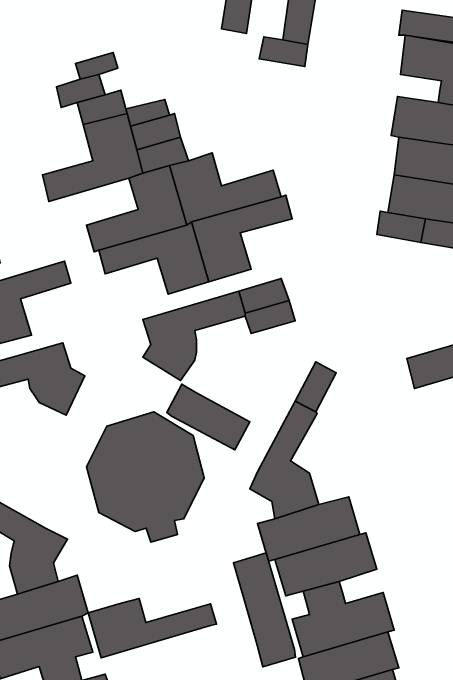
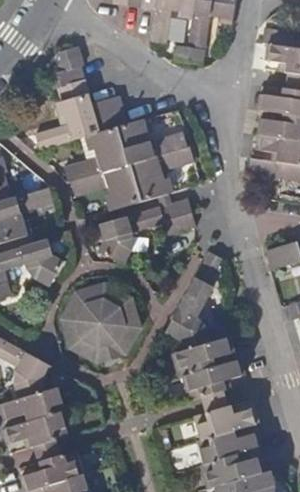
building: [167,384,250,450] -> none
building: [234,553,296,667] -> none
building: [88,599,216,658] -> none

